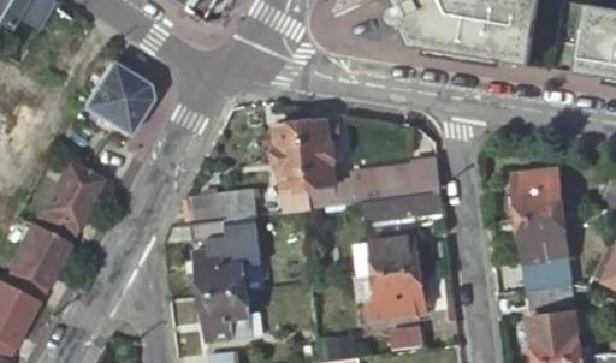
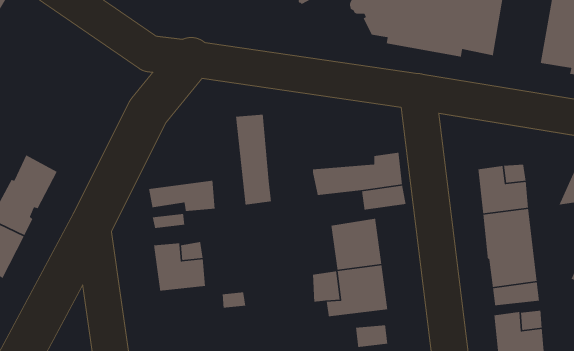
building: [82,59,152,133] -> none
building: [302,119,355,208] -> none
building: [200,291,251,340] -> none

